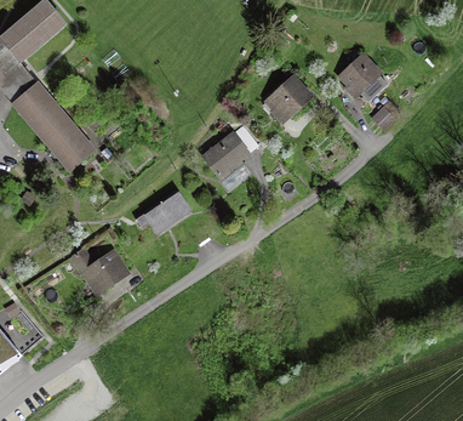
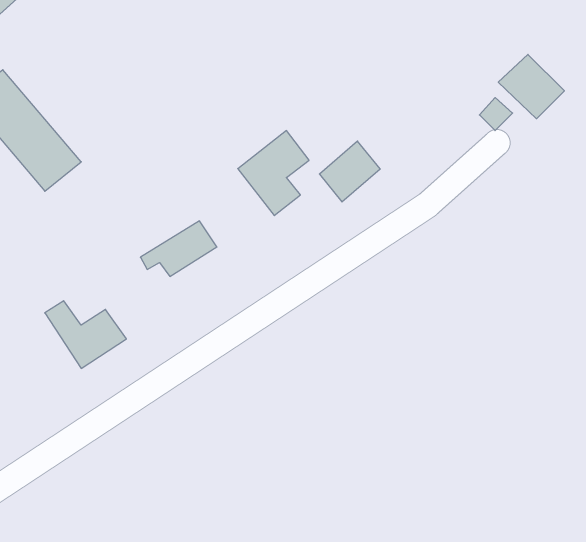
building: [341,56,387,101] -> [498,54,564,119]
building: [267,80,309,123] -> [319,141,380,202]

